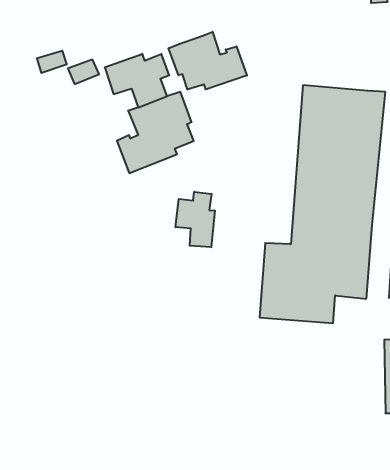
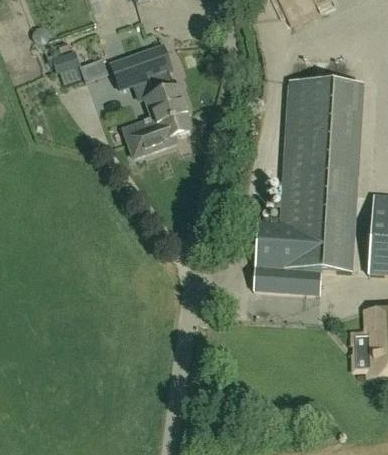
building: [169,32,247,90] -> none
building: [176,192,215,247] -> none

